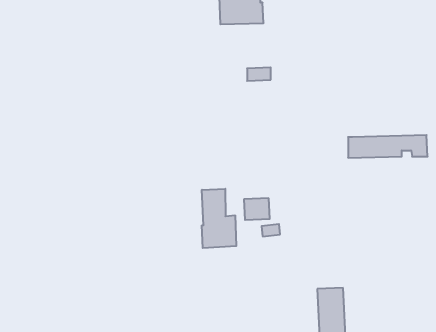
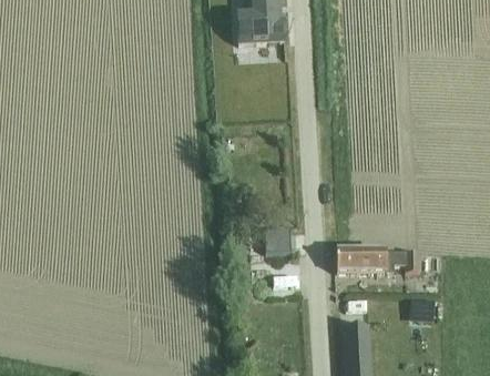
building: [348,135,428,158] -> [337,247,422,272]
building: [202,189,236,248] -> none

